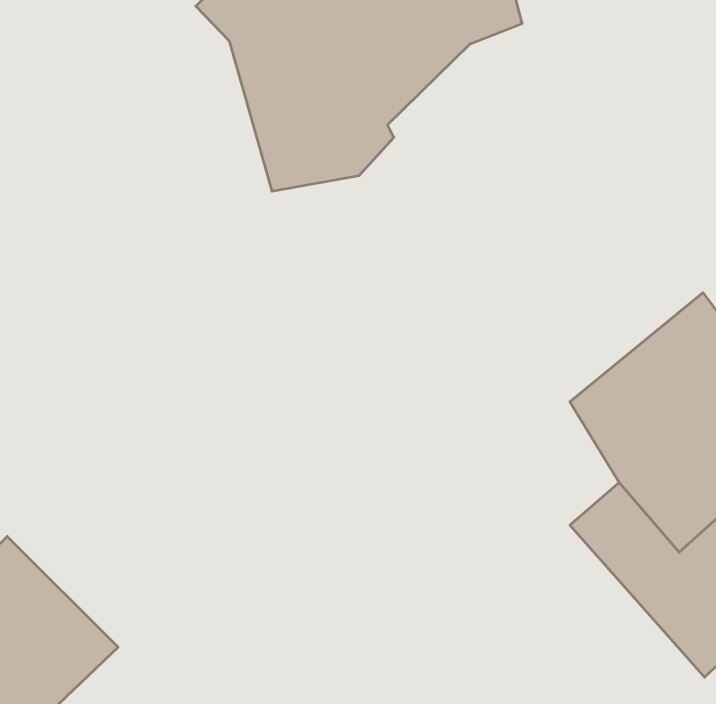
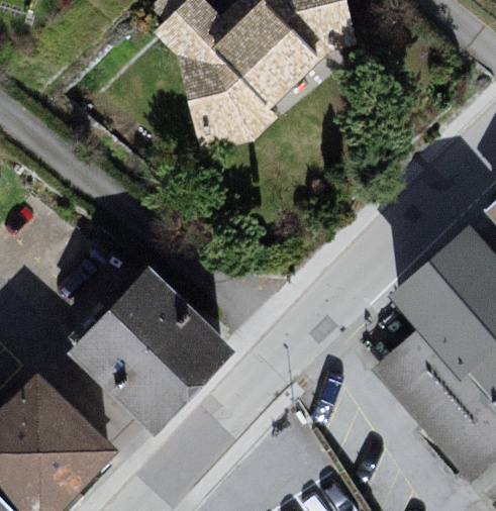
building: none -> [75,270,240,434]

